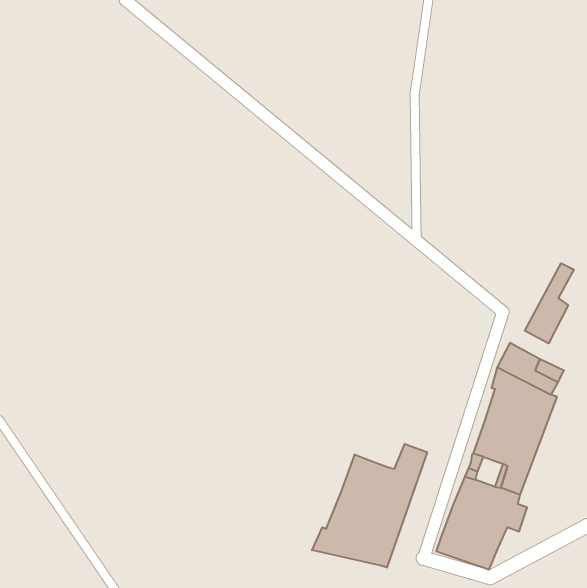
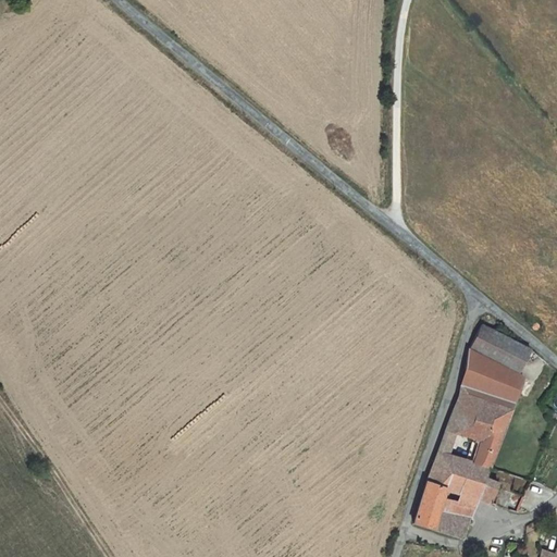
building: [525,263,574,343] -> none
building: [312,444,427,568] -> none

